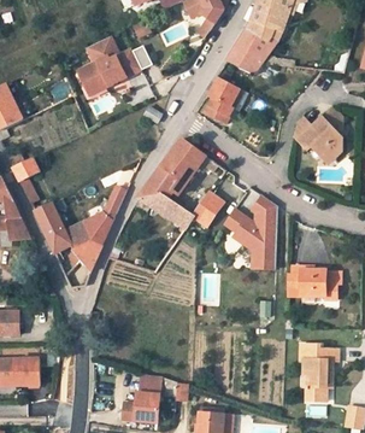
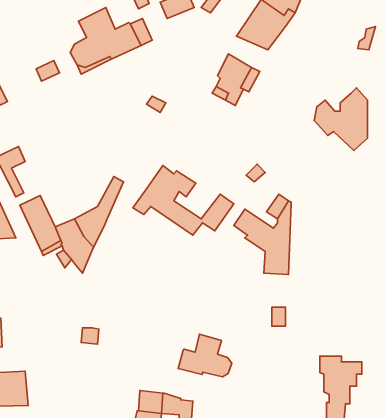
building: [160,146,218,191] -> none
building: [282,274,331,302] -> none
building: none -> [178,334,232,377]

